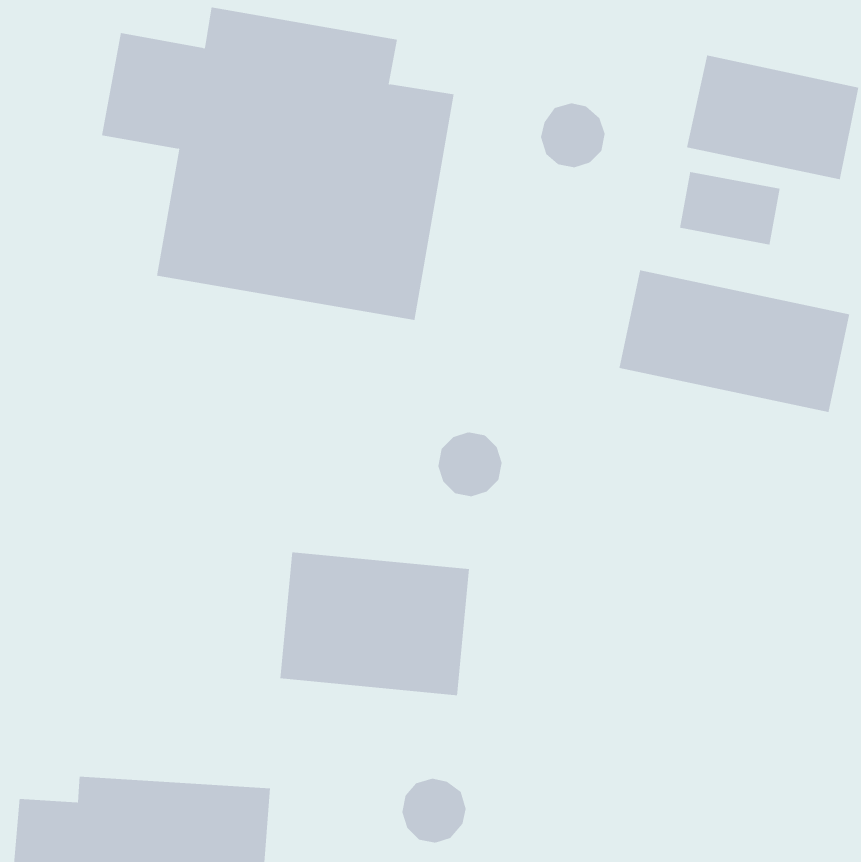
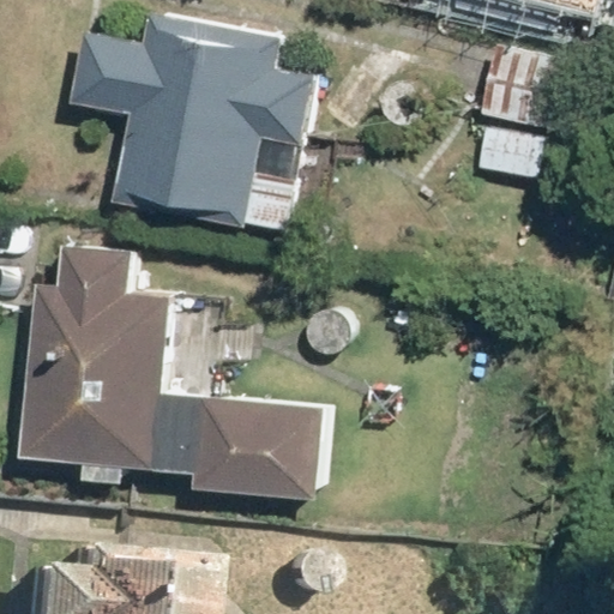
building: [619,270,850,413] -> none
building: none -> [19,245,169,469]

